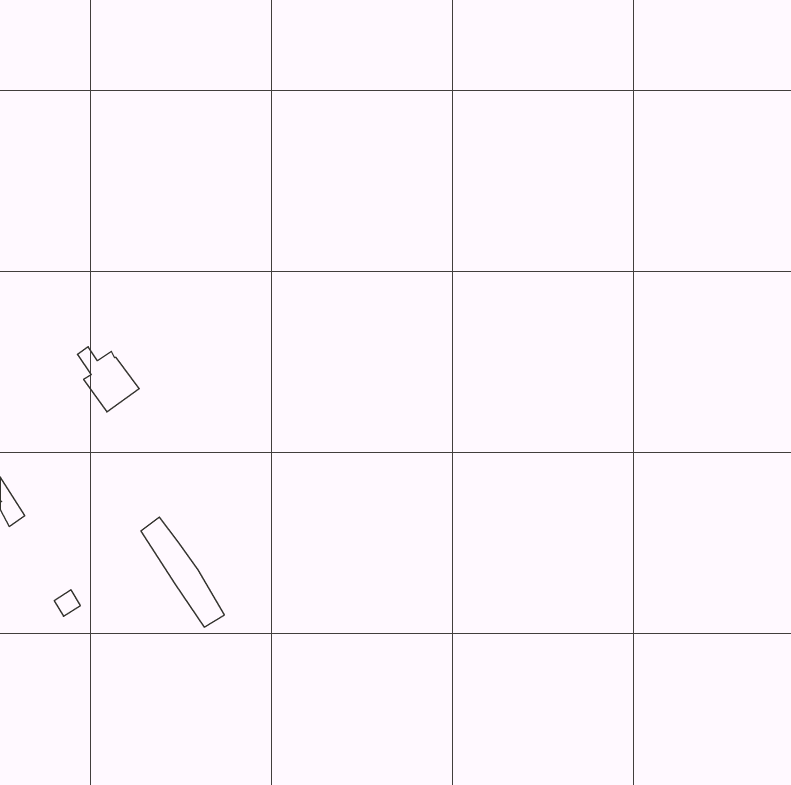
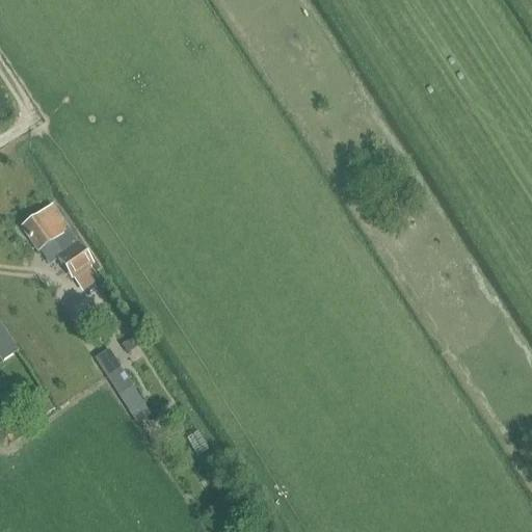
building: none -> [20,203,75,248]

